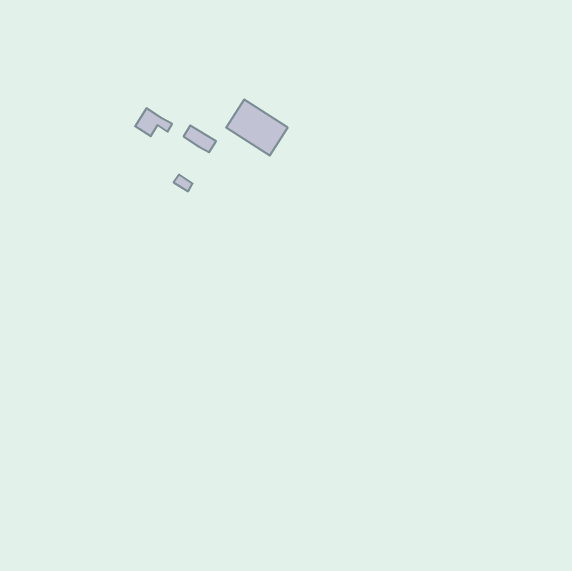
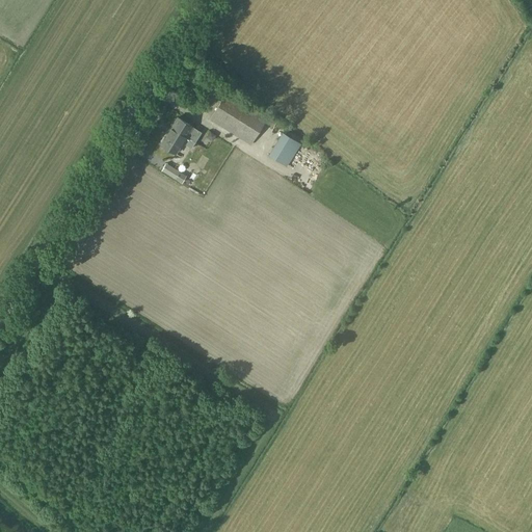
building: [135,108,172,136] -> [160,128,194,154]
building: none -> [266,133,299,167]

